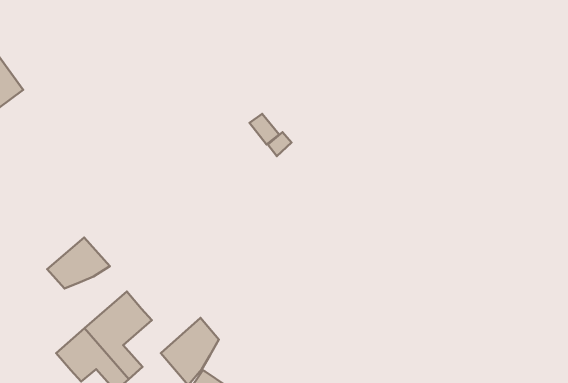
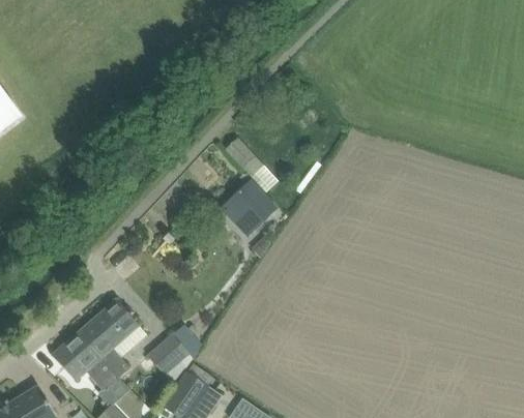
building: none -> [225,180,276,237]
building: [47,237,110,288] -> none

